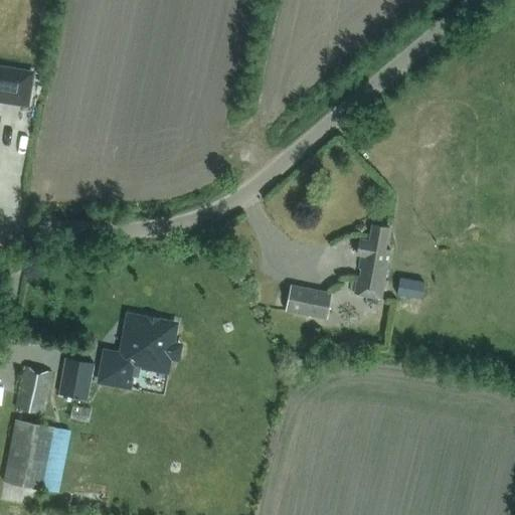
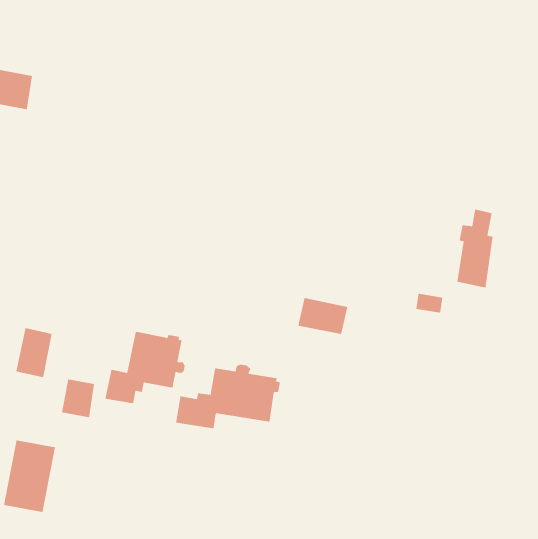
building: [353,223,388,299] -> [457,209,494,288]
building: none -> [175,364,280,429]
building: [15,366,50,414] -> [15,327,52,378]

